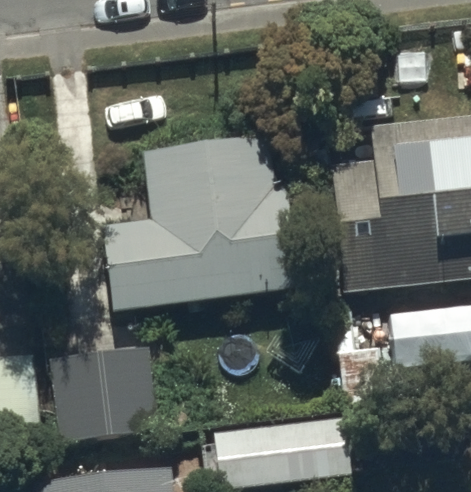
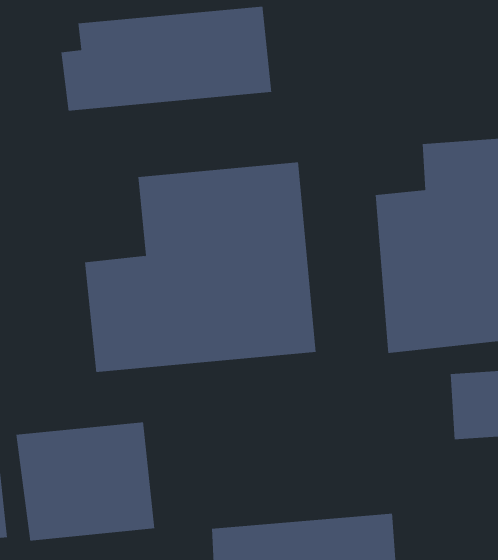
building: none -> [61,6,272,112]

